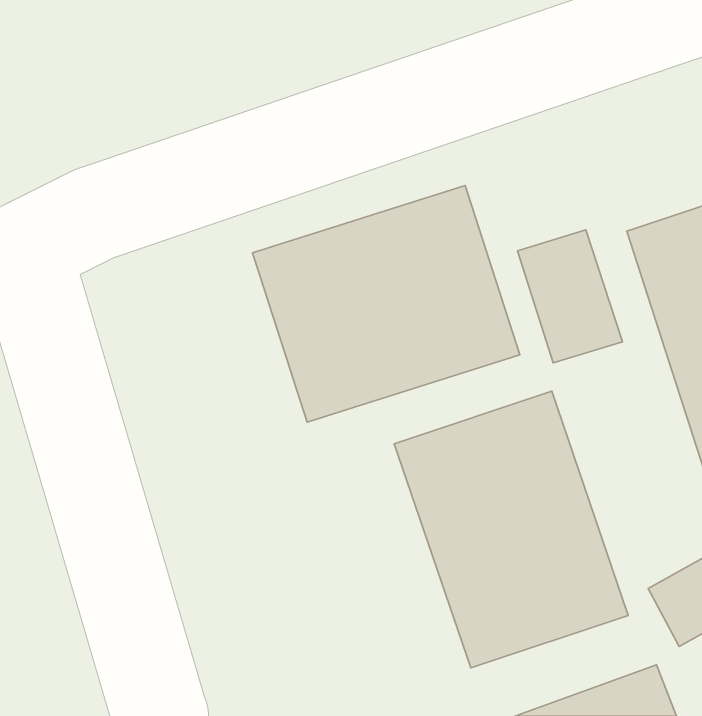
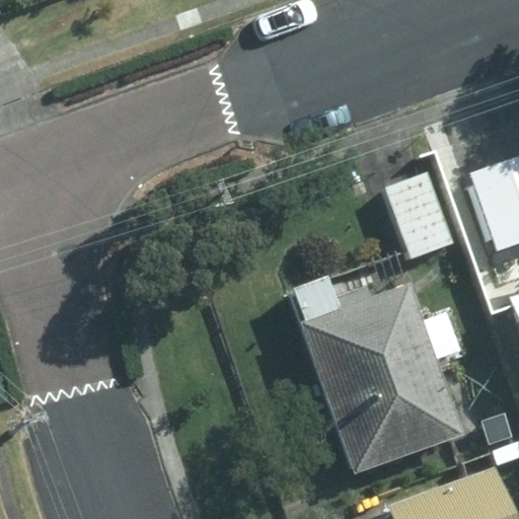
building: [252,185,520,422] -> none

